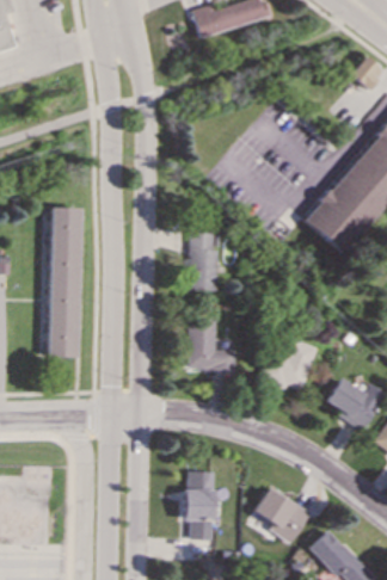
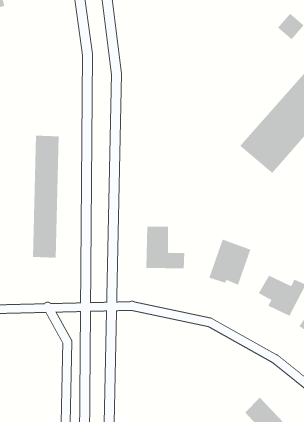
building: [190,233,222,290] -> none
building: [183,471,214,539] -> none
building: [253,488,309,543] -> none

